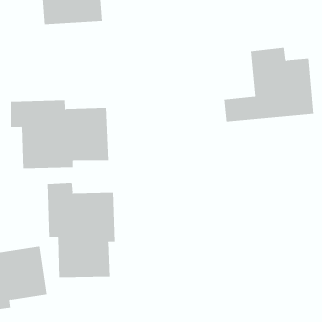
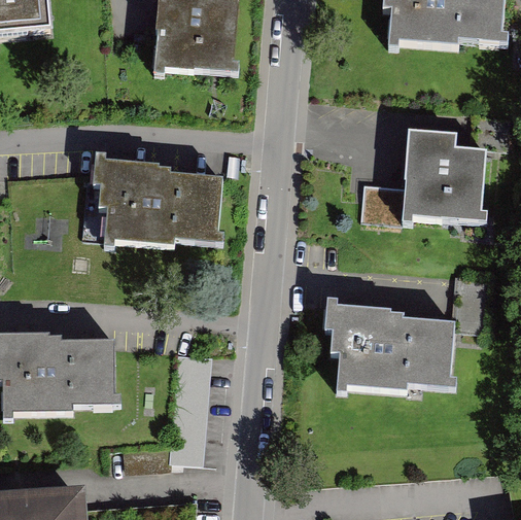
building: [47,182,115,278] -> none
building: none -> [323,302,455,392]

